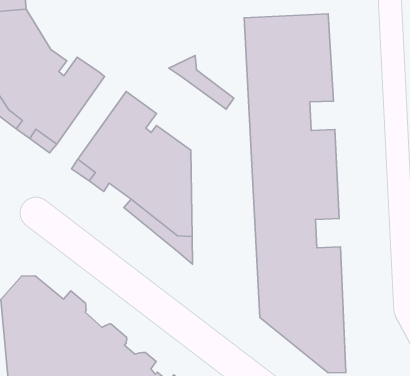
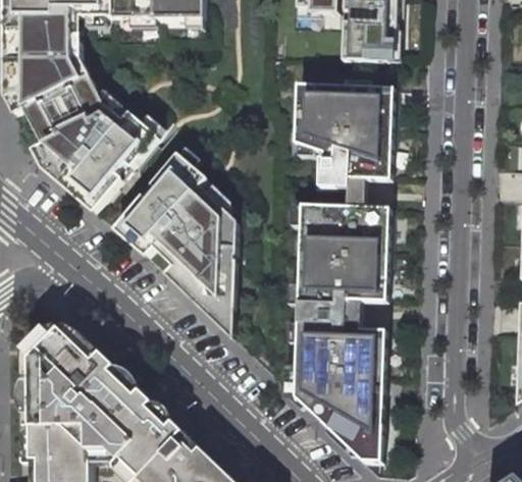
building: [169,56,234,109] -> none

